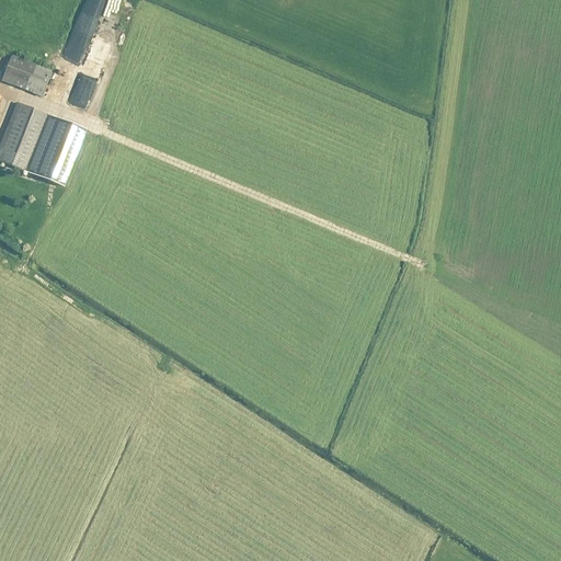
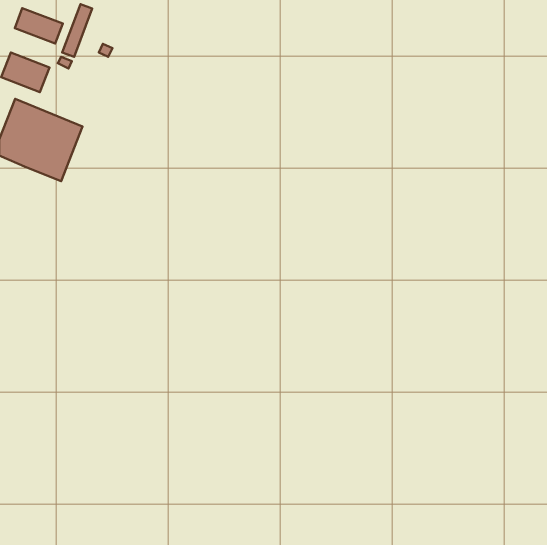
building: none -> [15,8,63,44]

